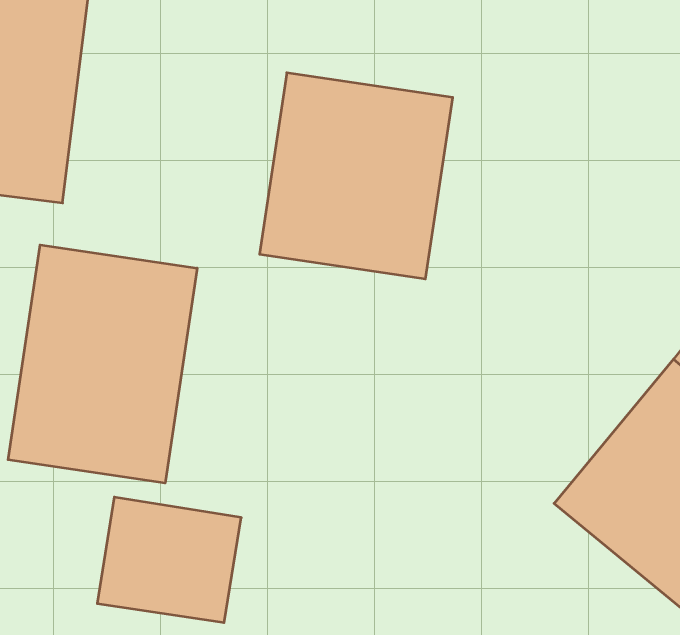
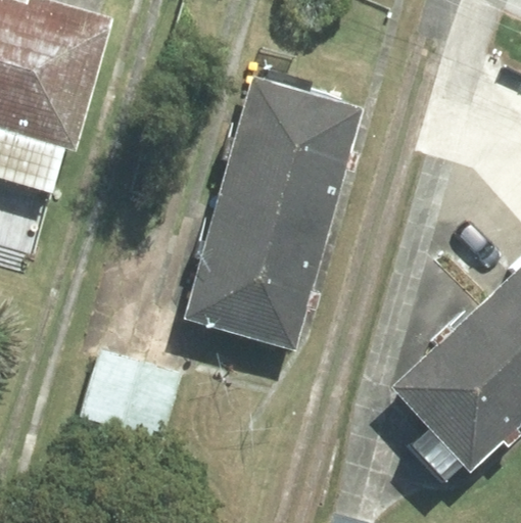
building: [8,245,197,483] -> none
building: none -> [182,199,325,349]

